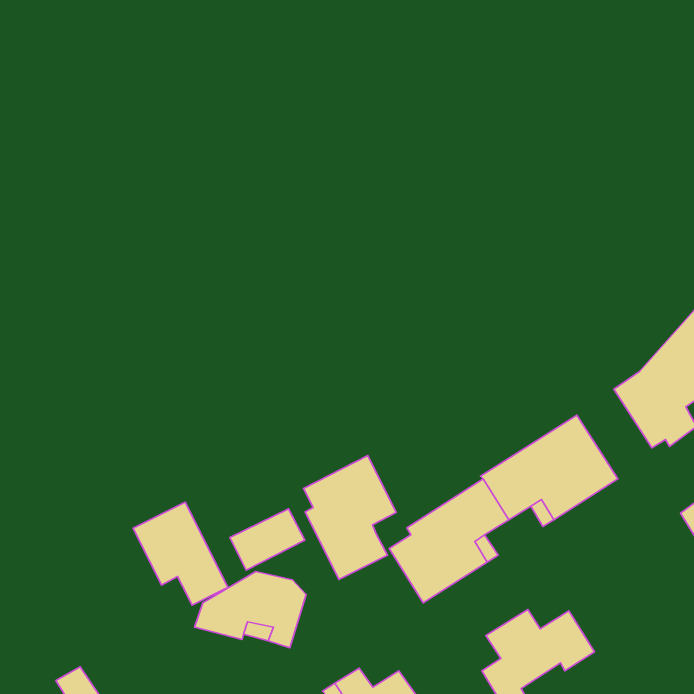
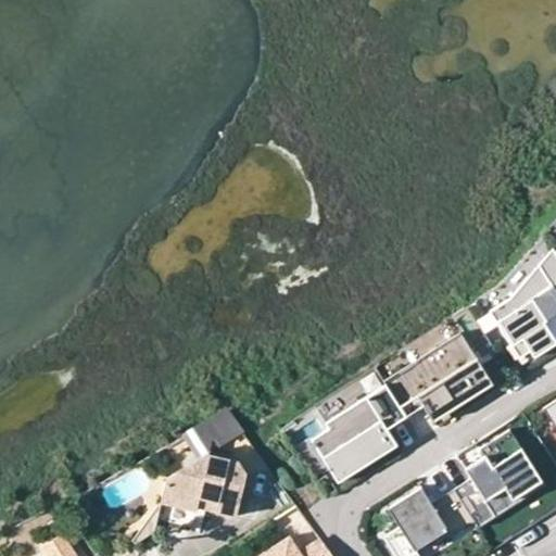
building: [303,456,396,580] -> none
building: [133,502,228,605] -> none
building: none -> [455,430,545,527]

